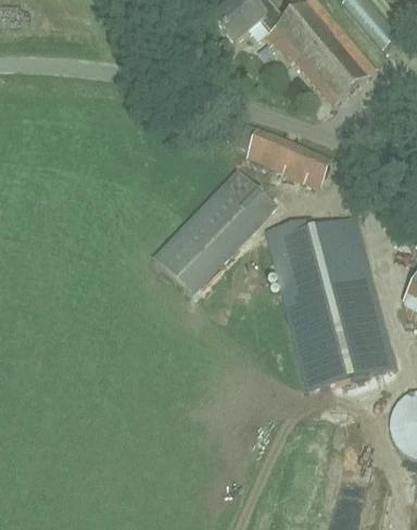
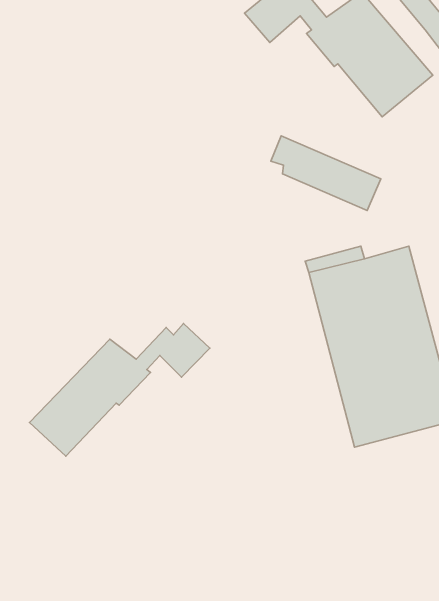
building: [153,169,268,289] -> none
building: none -> [30,324,210,456]

